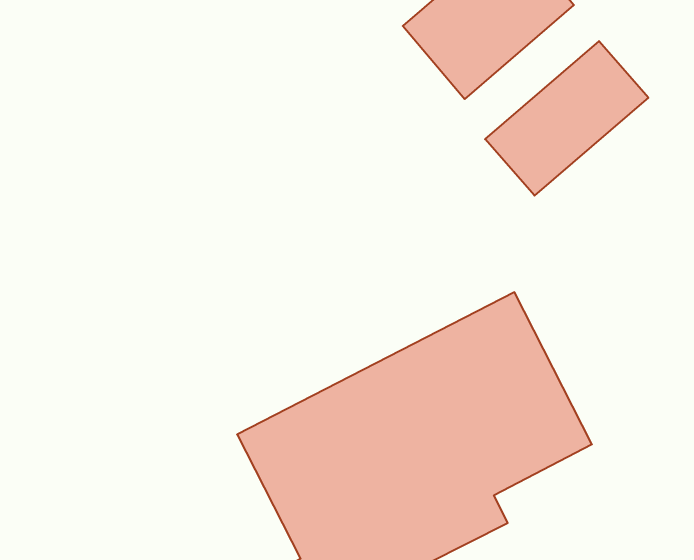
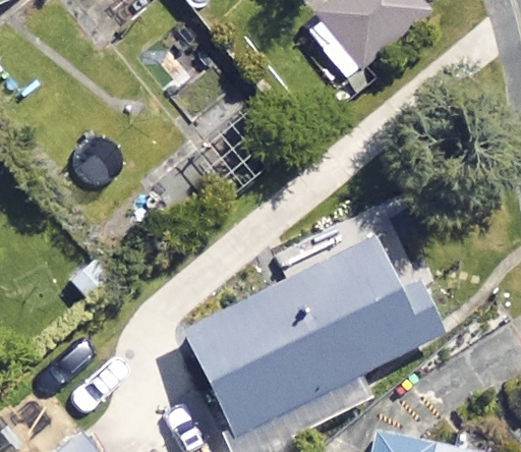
building: [485,41,648,196] -> none

